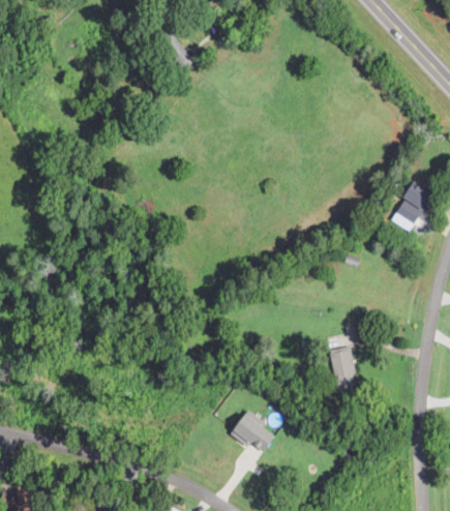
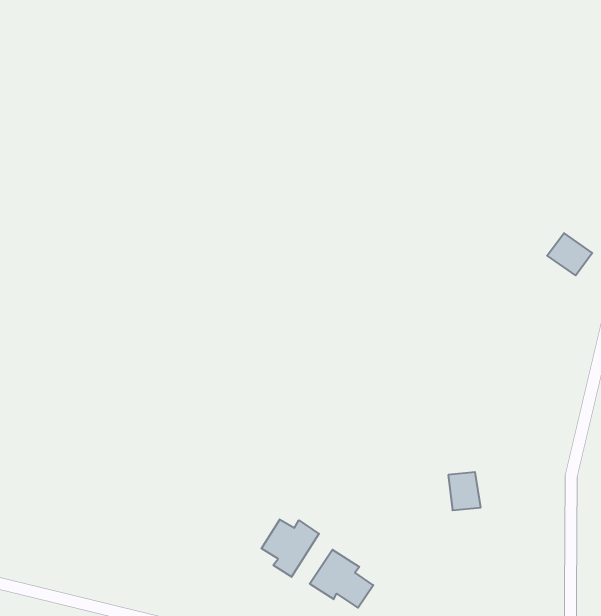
building: [389,201,421,232] -> none
building: none -> [262,519,319,577]

